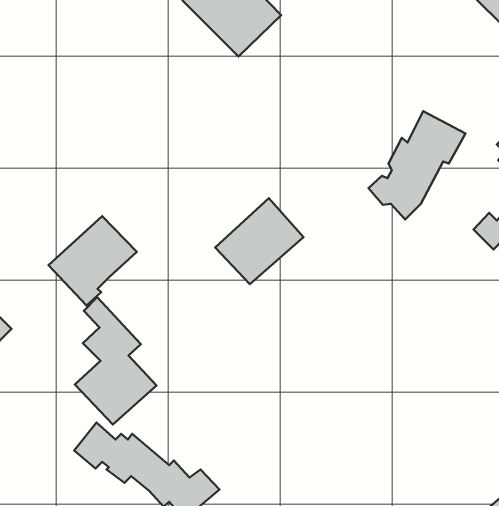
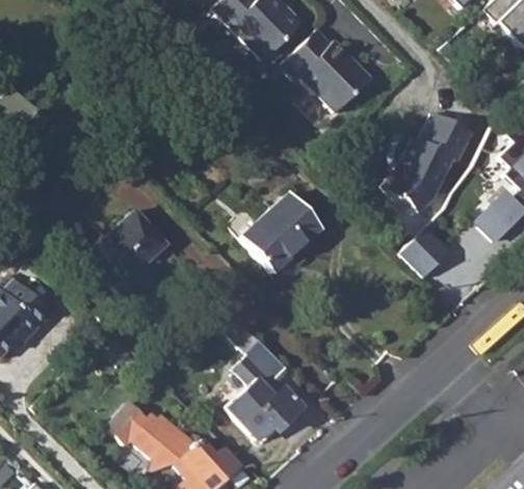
building: none -> [280,29,370,112]
building: none -> [399,228,450,278]
building: [75,297,157,425] -> [226,324,302,442]

